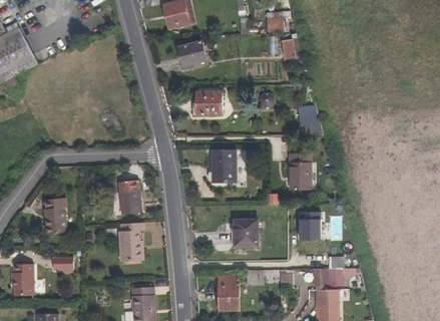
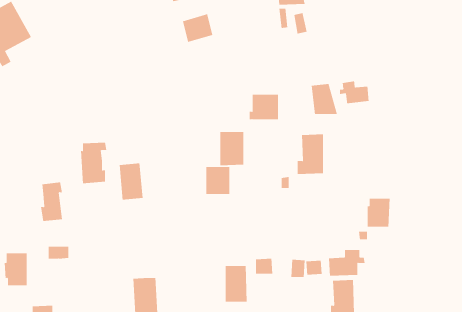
building: [193,91,222,115] -> [249,94,279,120]
building: none -> [340,80,369,104]
building: [299,213,321,240] -> [367,198,390,227]
building: [235,220,258,246] -> [206,167,230,195]
building: [118,223,143,262] -> [80,142,107,184]

